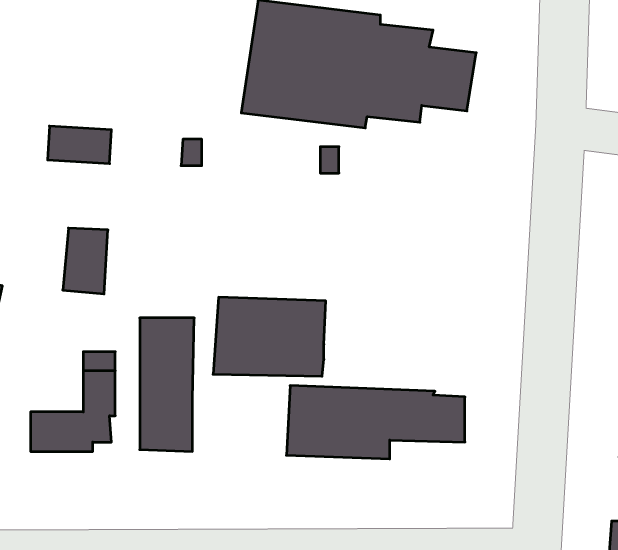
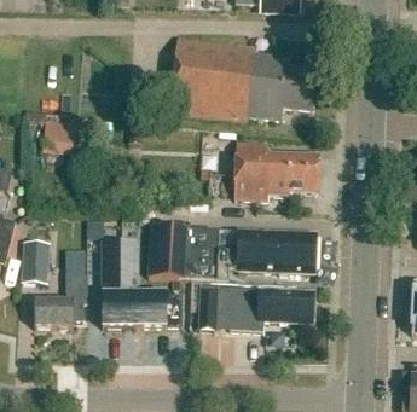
building: none -> [233,141,319,201]
building: [63,228,108,294] -> [21,242,50,284]
building: none -> [220,231,317,272]
building: none -> [135,294,180,327]

